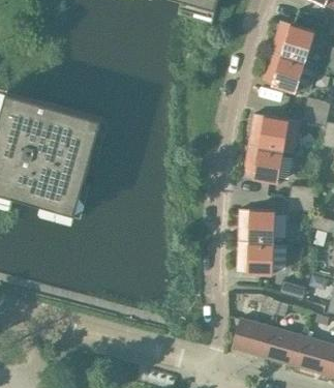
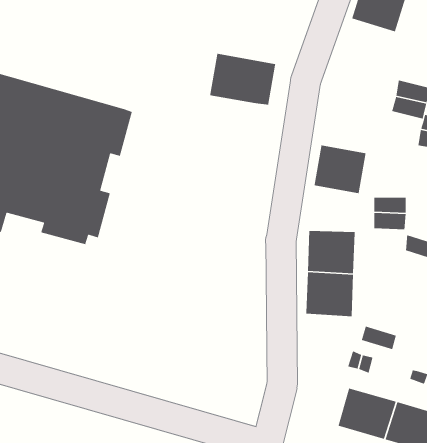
building: [262,51,304,92] -> none
building: [248,113,299,152] -> [210,53,277,105]
building: [231,318,269,356] -> none

